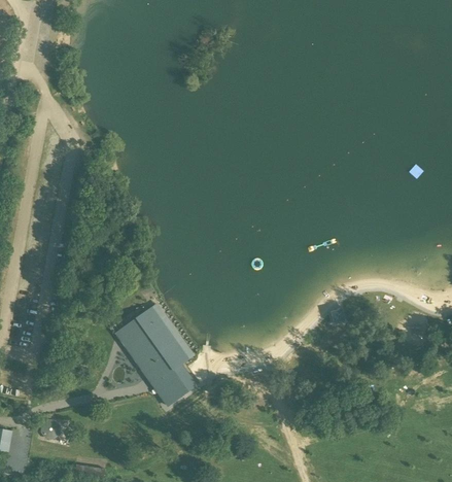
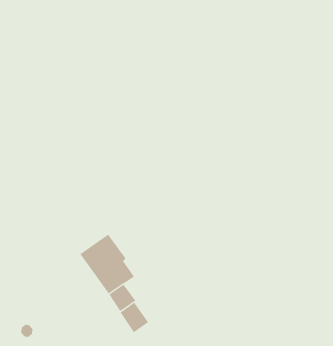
building: none -> [120,302,149,333]

